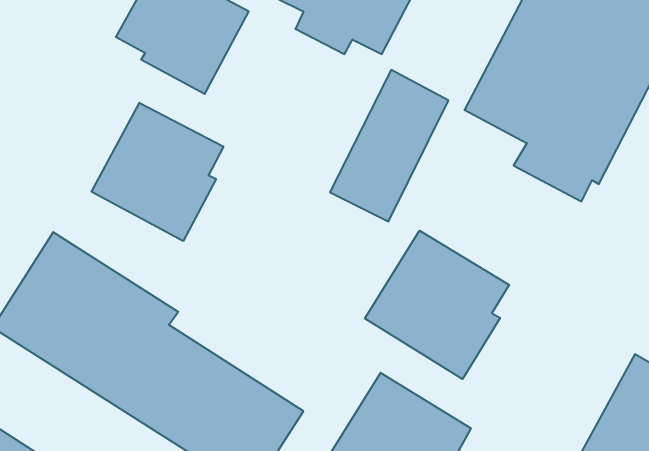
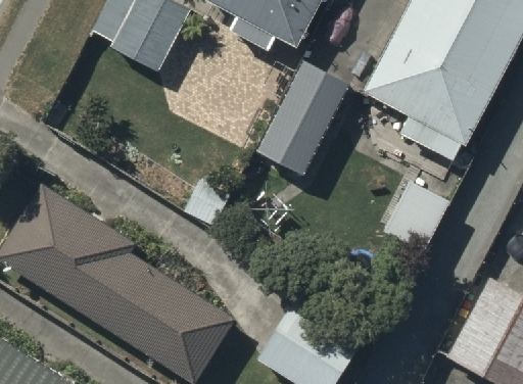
building: [91,103,223,241] -> none
building: [365,231,509,379] -> none

